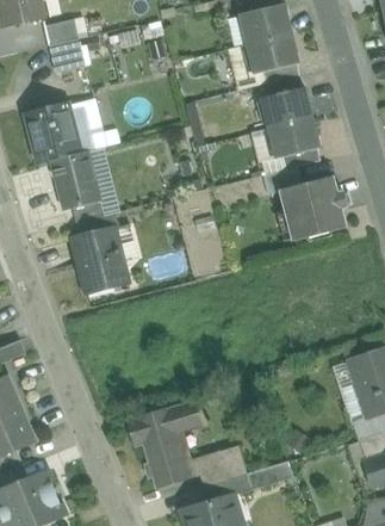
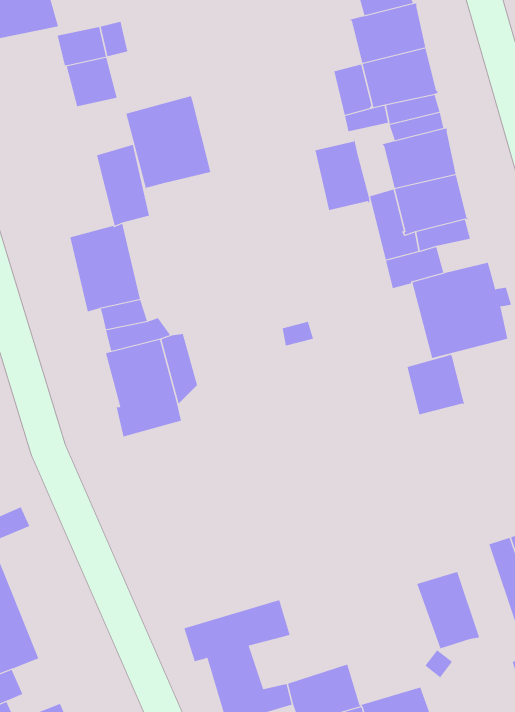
building: none -> [315,139,370,211]
building: [25,101,82,163] -> [126,96,211,188]
building: none -> [407,354,465,415]
building: none -> [416,571,480,649]

